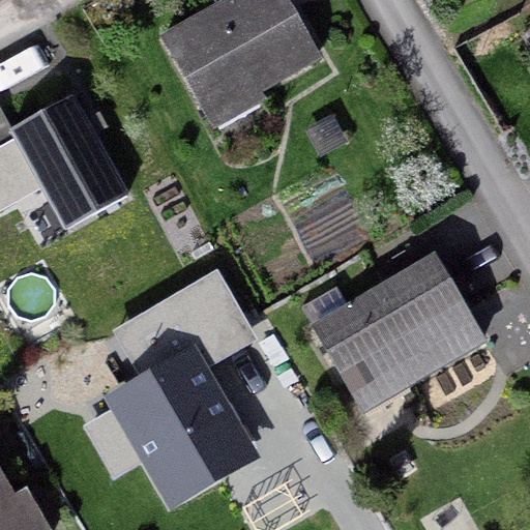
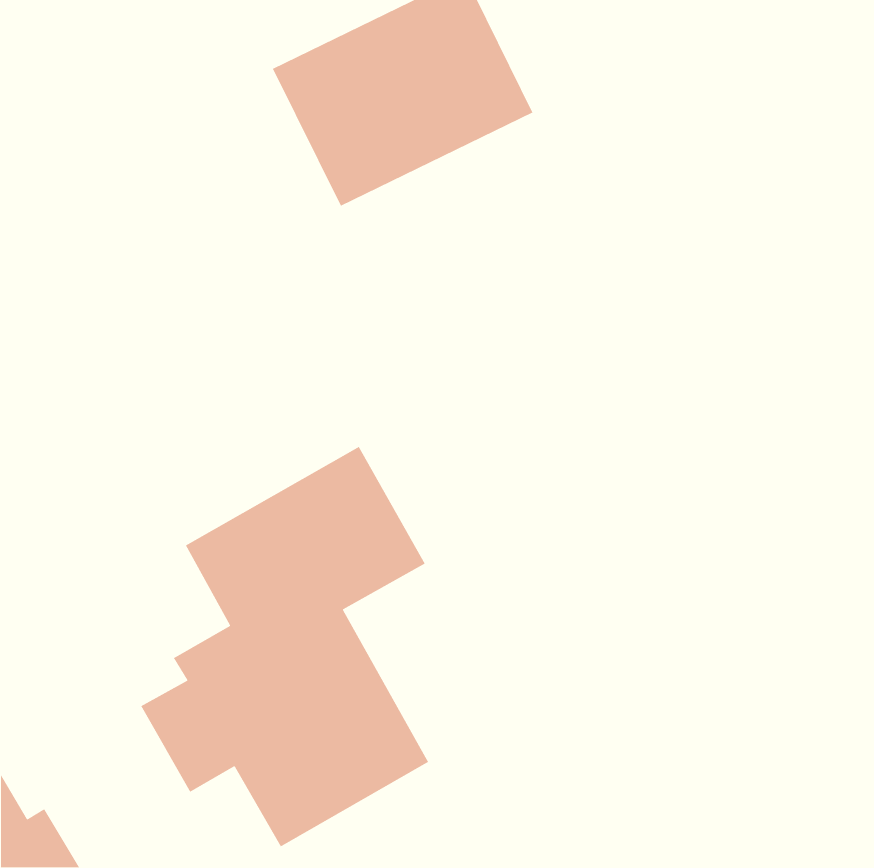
building: [6,96,119,220] -> none
building: [301,247,480,400] -> none

